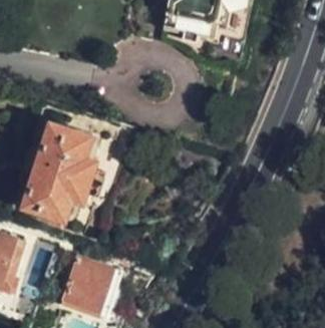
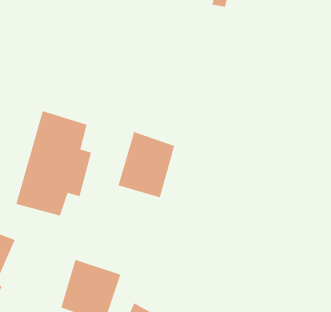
building: none -> [118,131,175,198]

